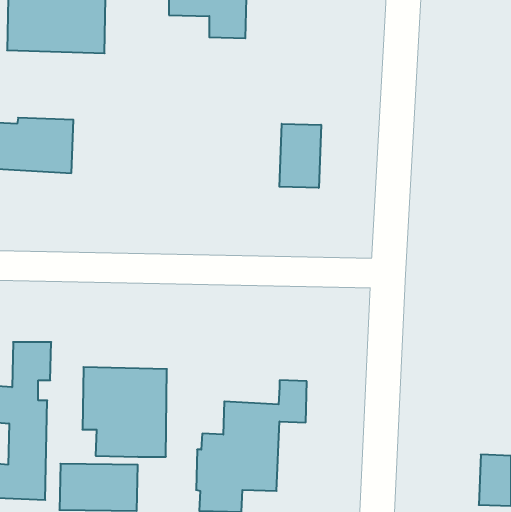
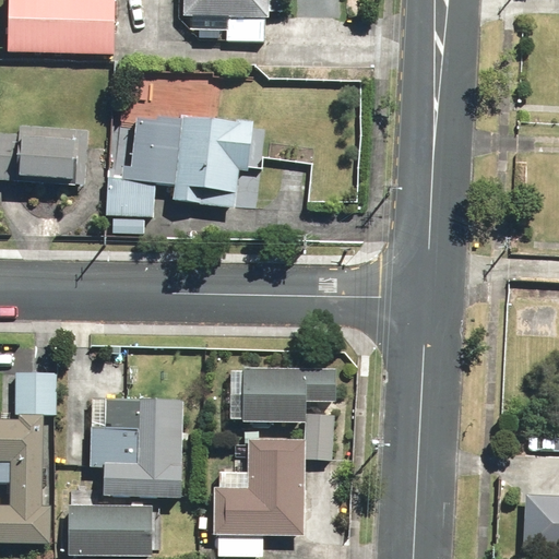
building: none -> [107,117,259,235]
building: [279,124,321,188] -> none
building: none -> [227,364,335,420]

